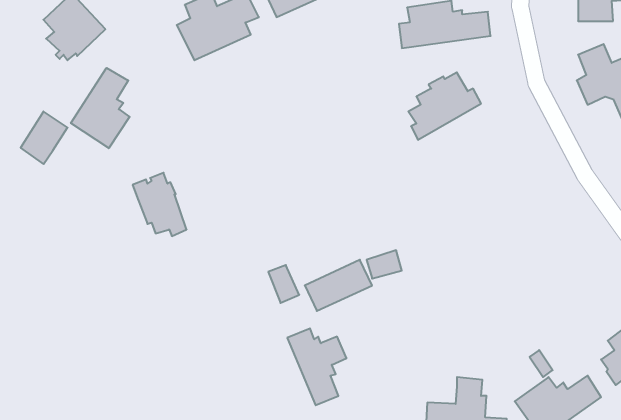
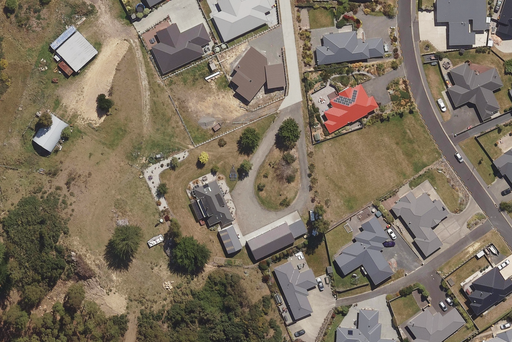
building: none -> [232,46,287,102]
building: [71,68,130,148] -> none
building: [133,173,187,236] -> [193,178,233,225]
building: none -> [392,192,450,255]
building: none -> [334,215,388,275]
building: [287,328,347,405] -> [274,261,318,318]

